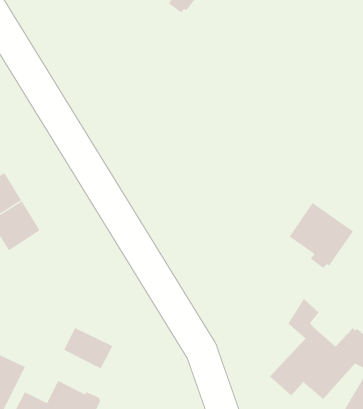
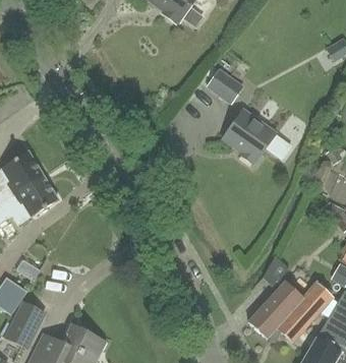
building: none -> [207,67,244,104]
building: [289,202,354,268] -> [222,109,276,164]
building: [63,327,113,369] -> none

